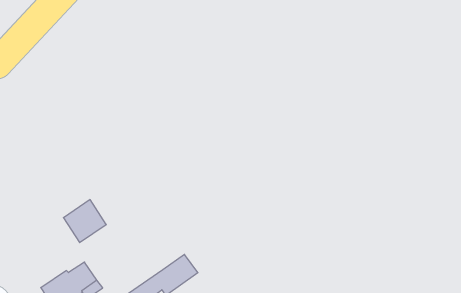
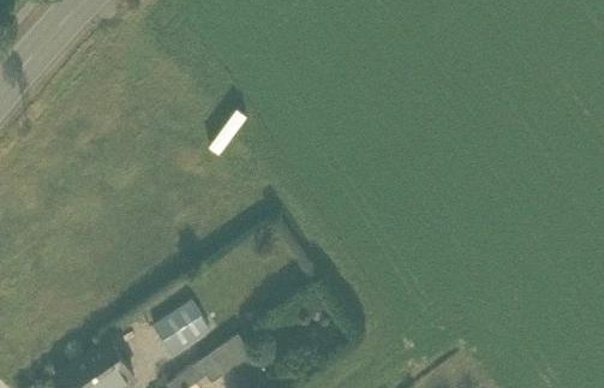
building: [63,200,106,243] -> [150,302,204,356]

